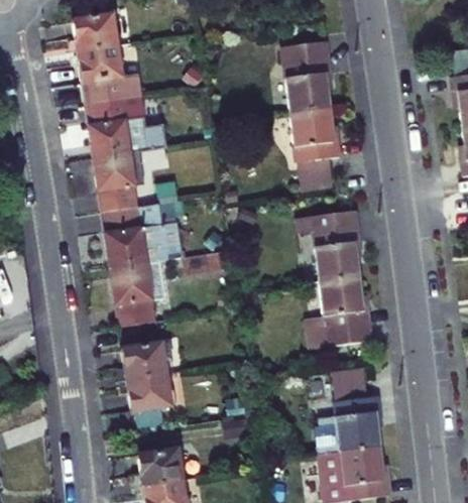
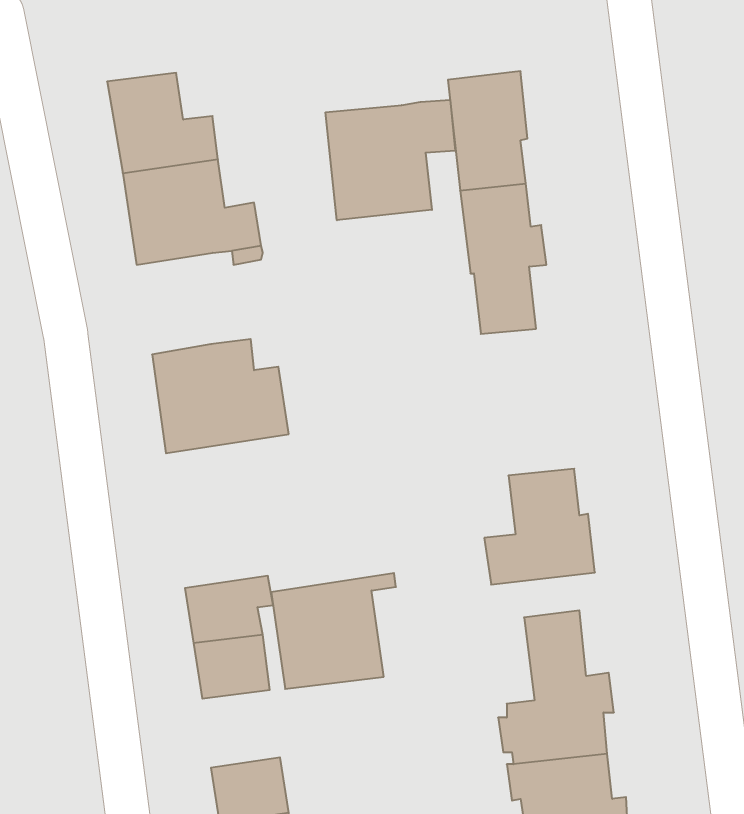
building: [75,14,120,52] -> none
building: none -> [326,100,455,220]
building: [97,152,145,212] -> none
building: [292,214,355,282] -> none
building: [114,258,187,326] -> [271,573,396,689]

